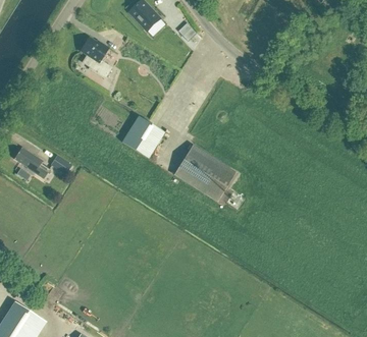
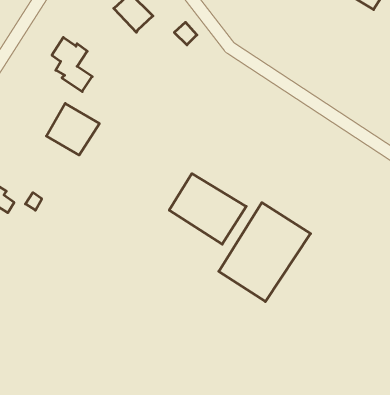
building: [122,115,165,157] -> [46,103,99,155]
building: none -> [219,203,311,302]

